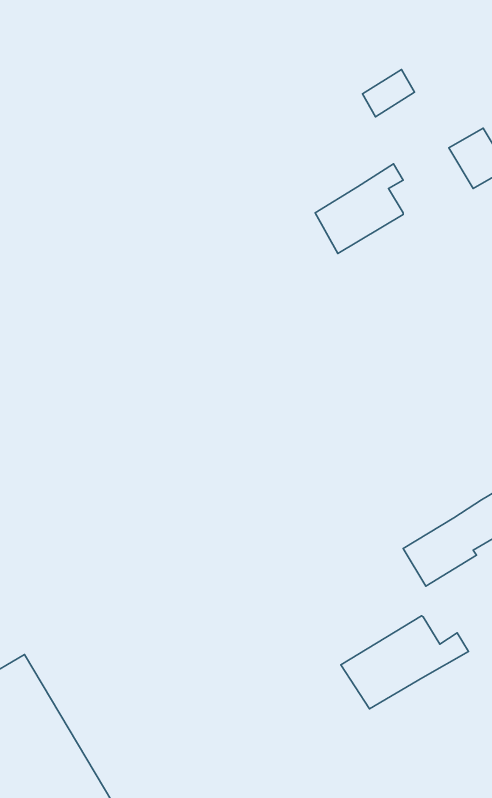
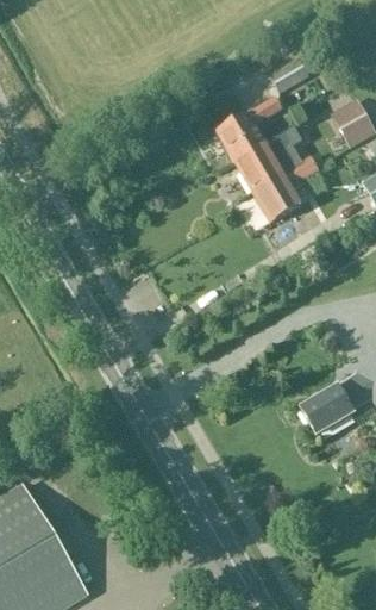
building: none -> [215,98,281,163]
building: none -> [251,156,315,223]
building: [341,616,468,709] -> none

